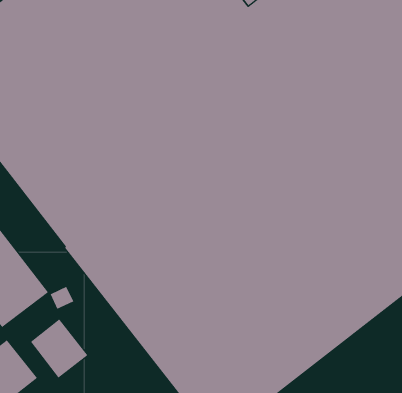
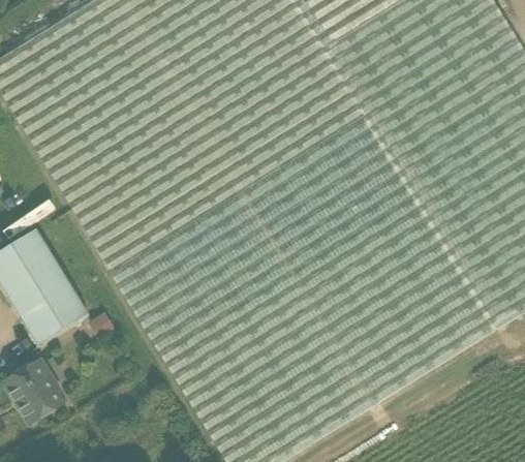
building: [30,318,88,378] -> none

